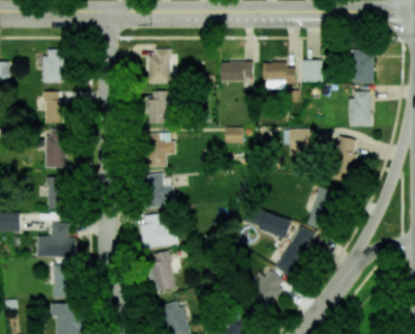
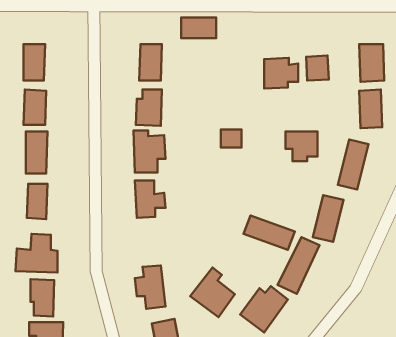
building: [221,62,253,81] -> [181,18,216,38]
building: [140,214,178,249] -> none
building: none -> [190,267,235,317]

